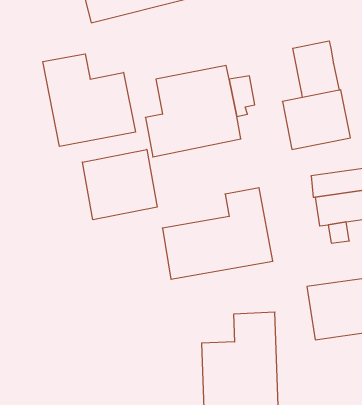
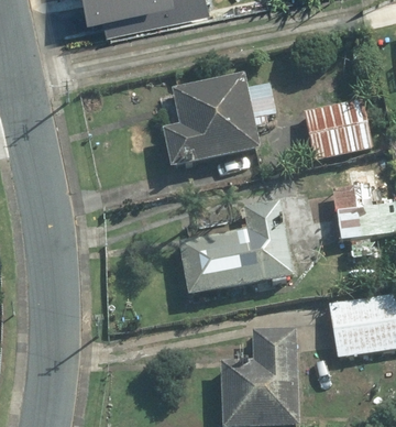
building: [293,41,339,97] -> none
building: [43,54,135,146] -> none
building: [82,149,157,220] -> none

